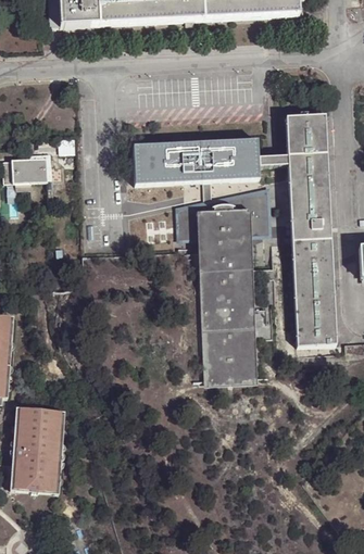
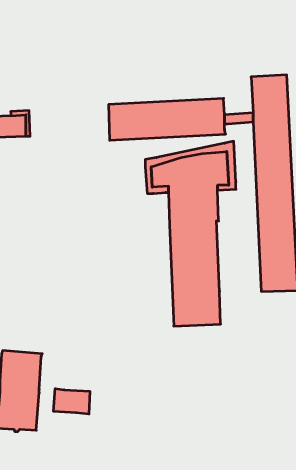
building: none -> [54,389,90,414]

